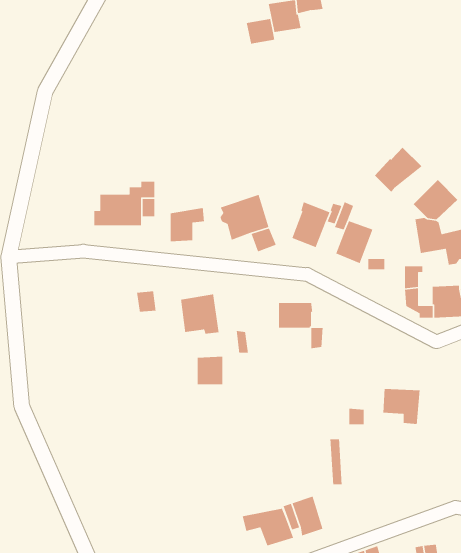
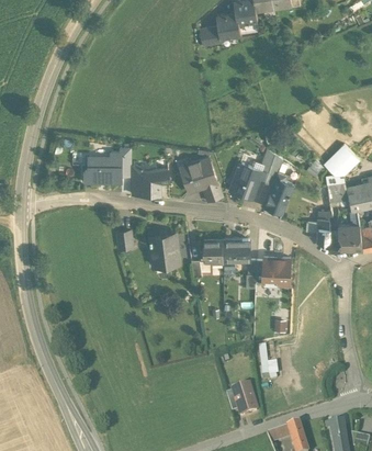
building: [374,147,422,193] -> none
building: [197,356,223,385] -> [203,238,223,260]
building: [382,388,421,425] -> [262,257,291,284]
building: [242,508,294,547] -> none

